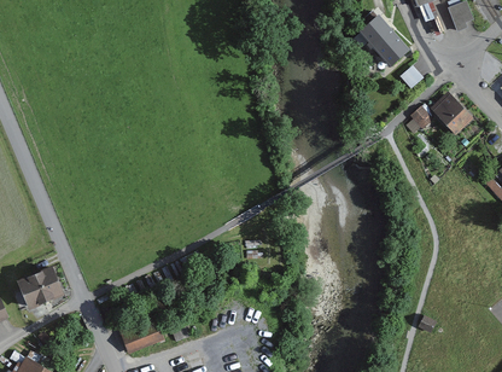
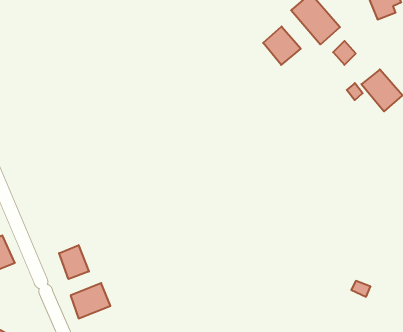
building: none -> [263,26,301,65]
building: none -> [59,245,89,279]

